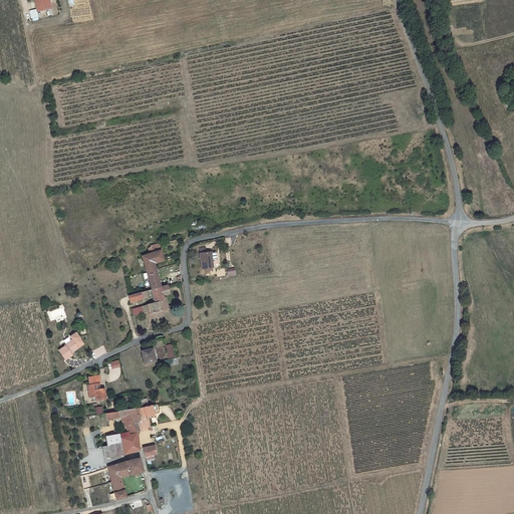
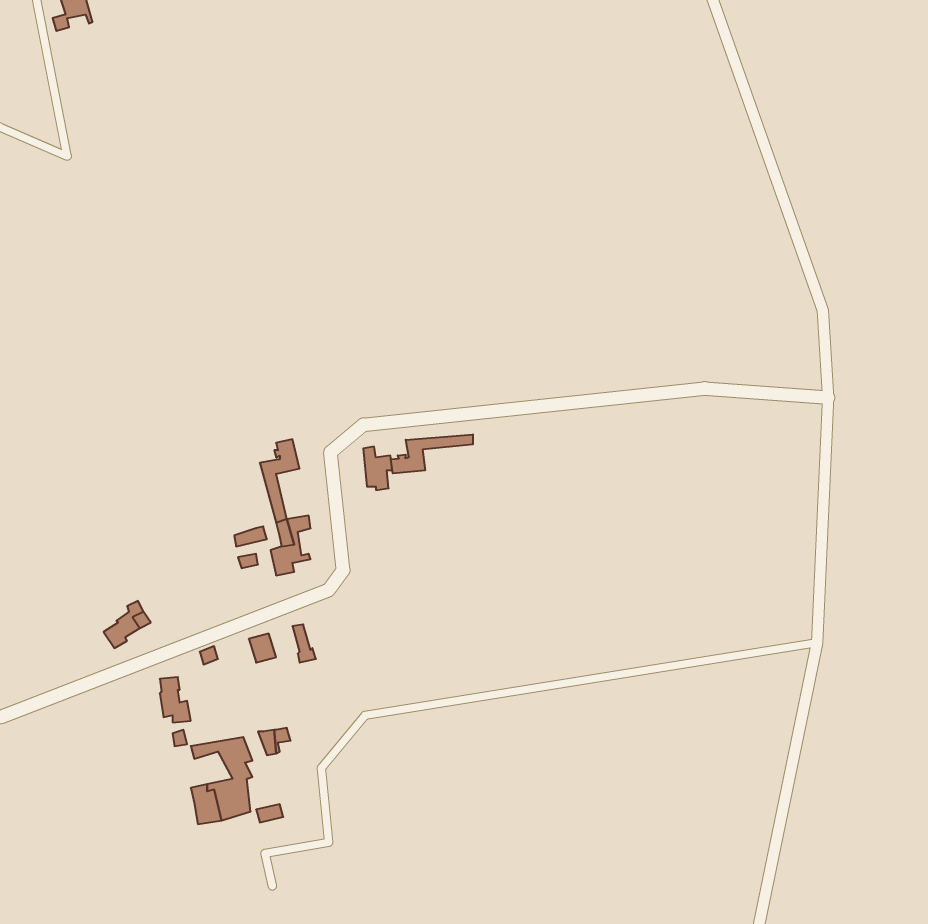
building: none -> [391,434,473,473]
building: [106,460,142,500] -> none

